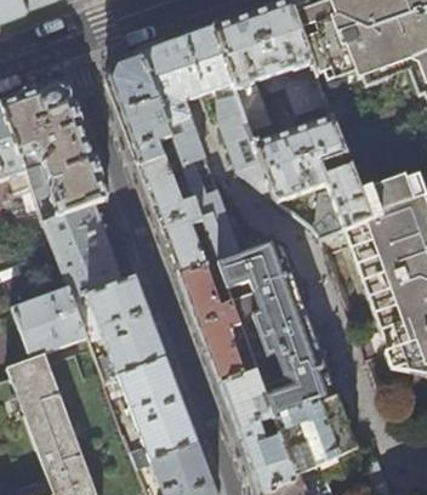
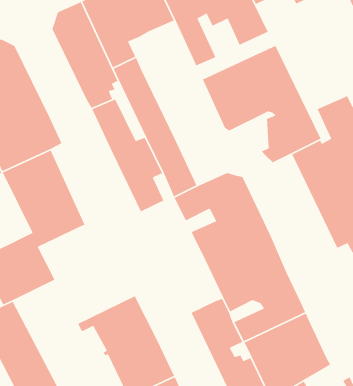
building: [206,86,273,200] -> none
building: [180,268,246,385] -> none
building: [73,280,166,385] -> none

